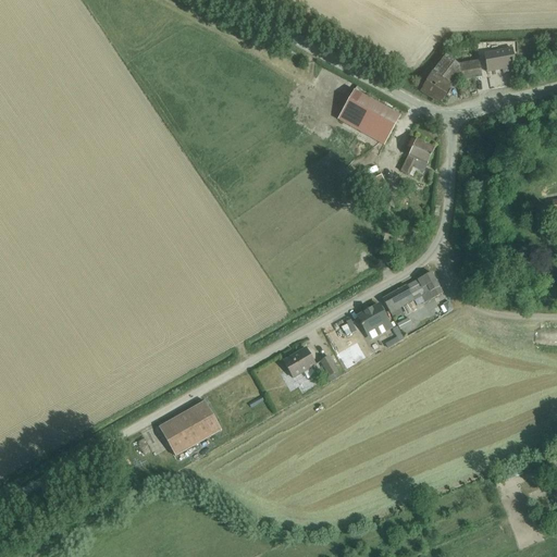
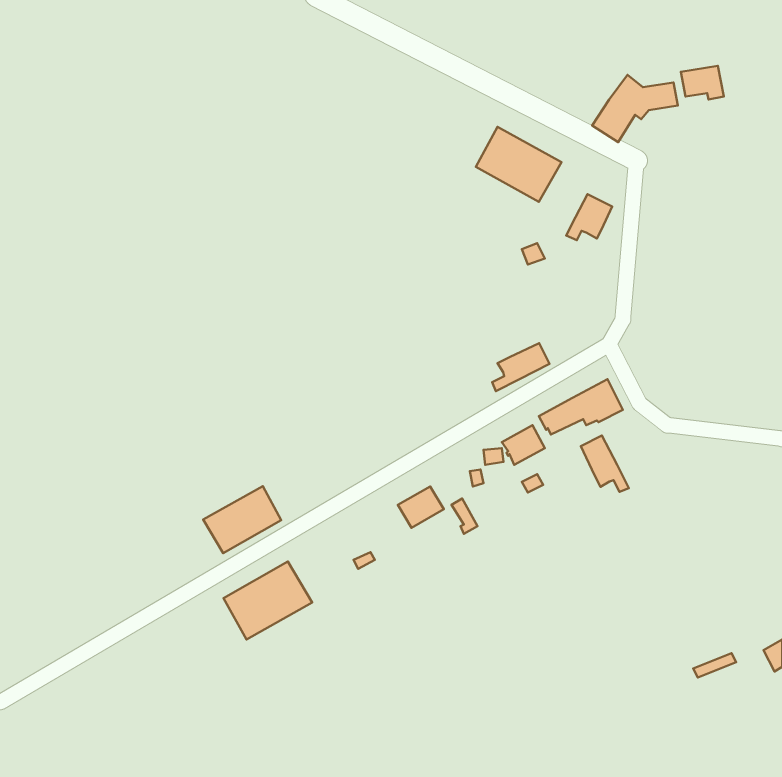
building: none -> [492,343,549,391]
building: none -> [581,436,629,492]
building: none -> [203,486,281,553]

